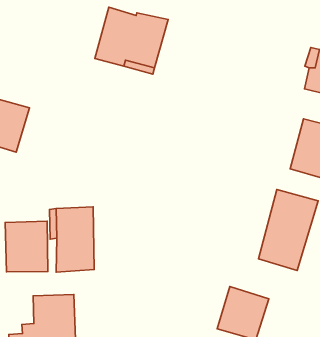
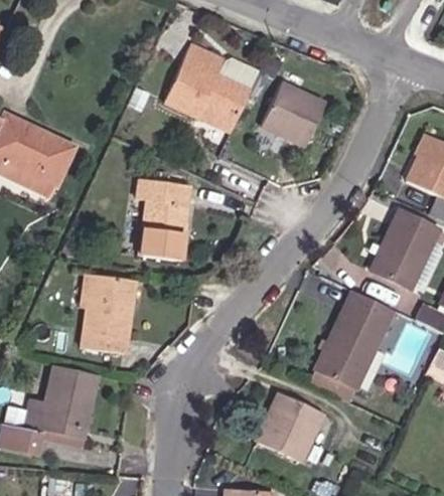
building: none -> [261,86,319,141]
building: none -> [133,177,185,255]
building: [5,221,48,272] -> none

